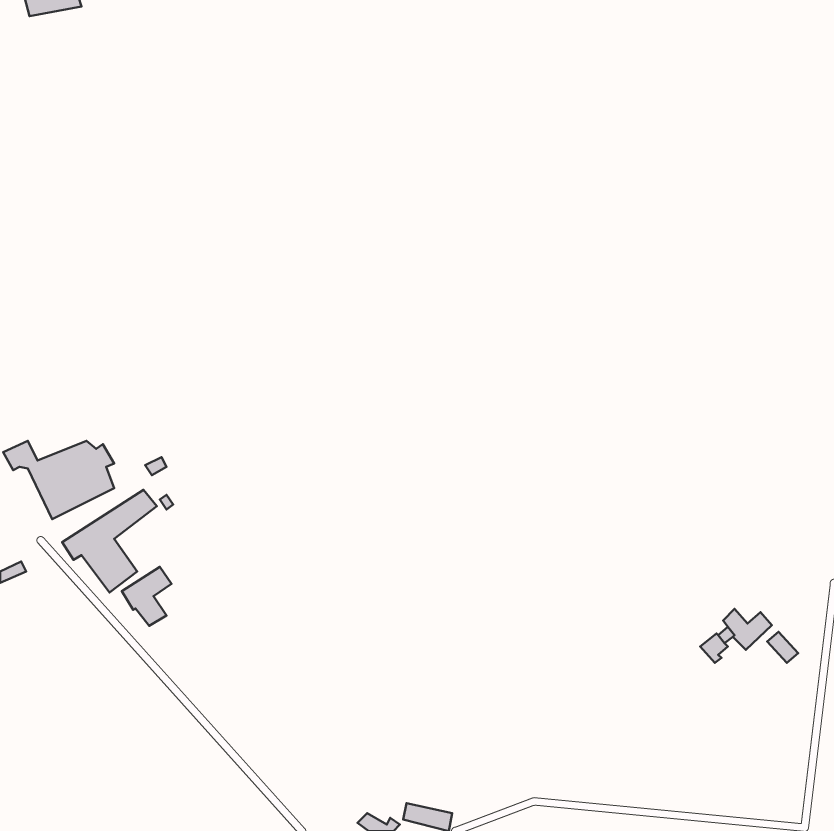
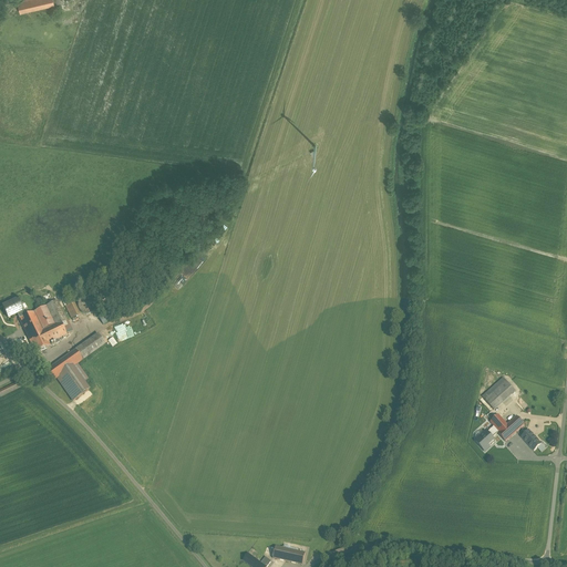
building: none -> [483,377,515,409]
building: [122,567,171,626] -> none

